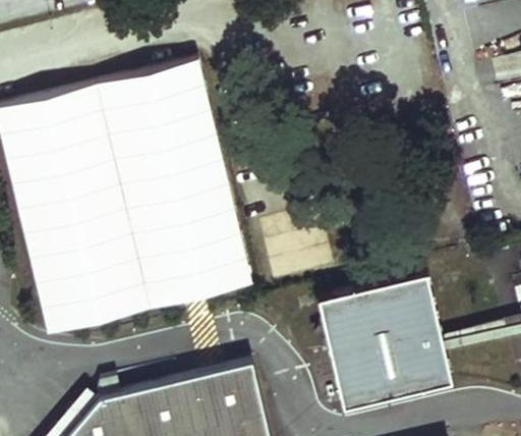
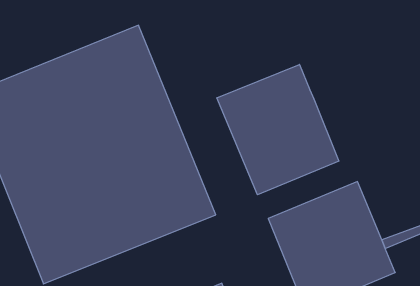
building: none -> [217,64,339,195]

